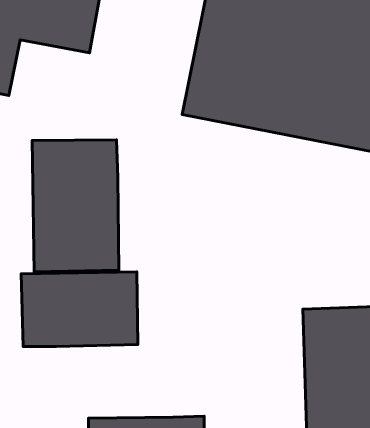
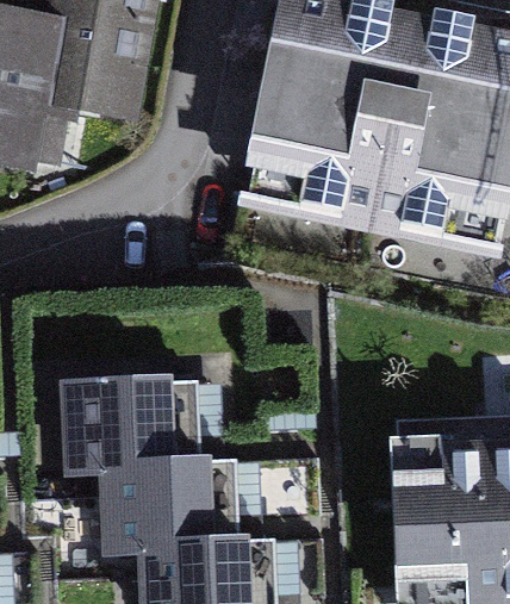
building: [32,140,119,272] -> none
building: none -> [98,465,236,553]

